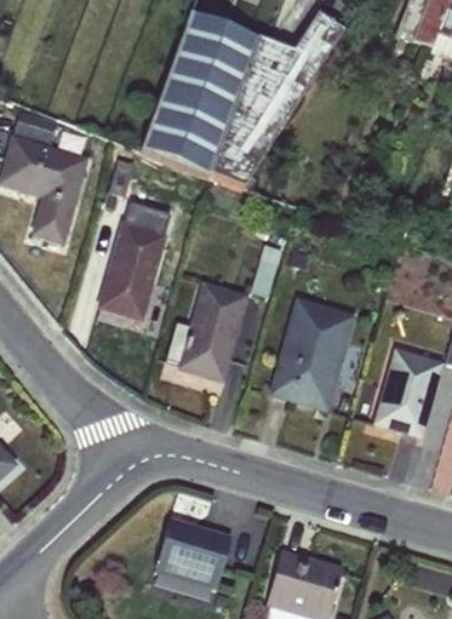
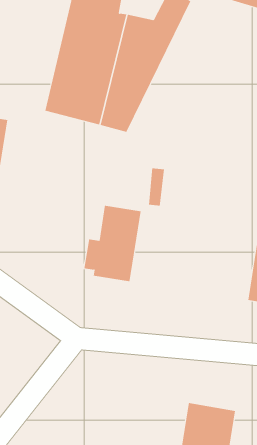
building: [97,207,171,323] -> none
building: [268,297,357,413] -> none
building: [156,517,231,588] -> none

